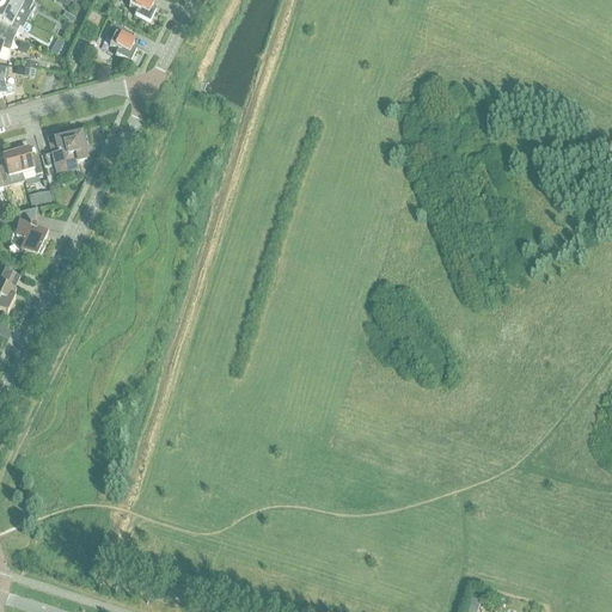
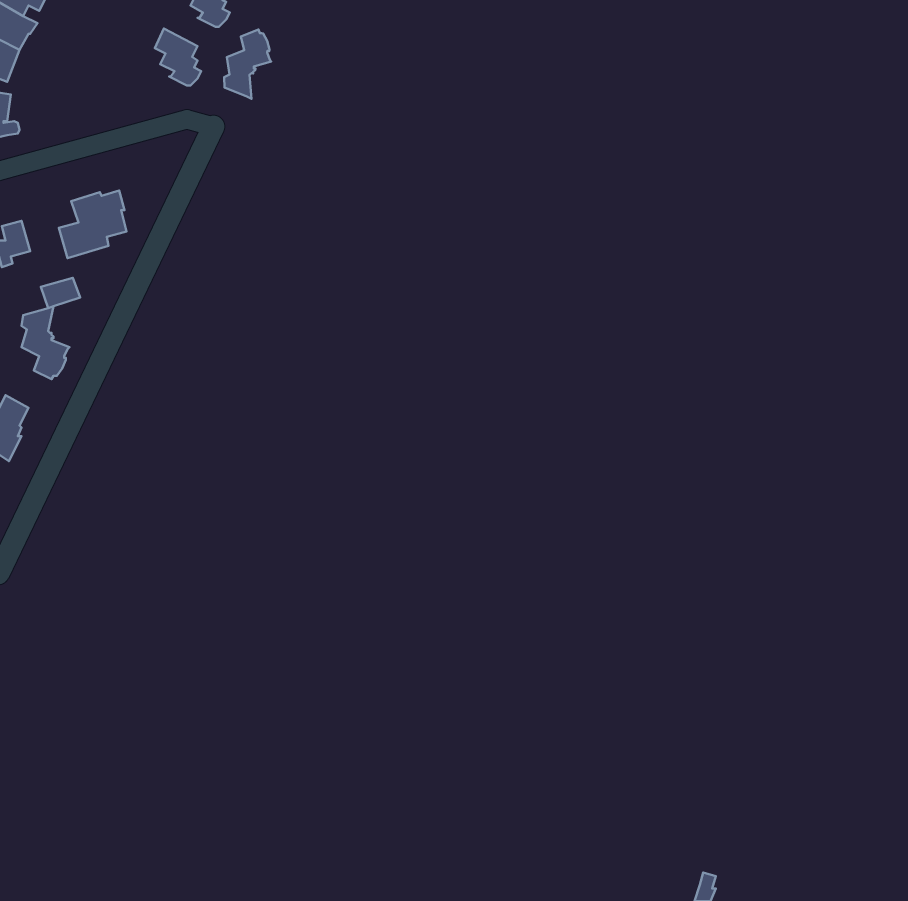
building: none -> [224,30,271,99]
building: [14,145,42,176] -> none

